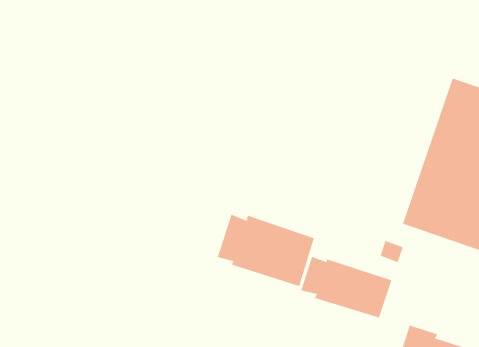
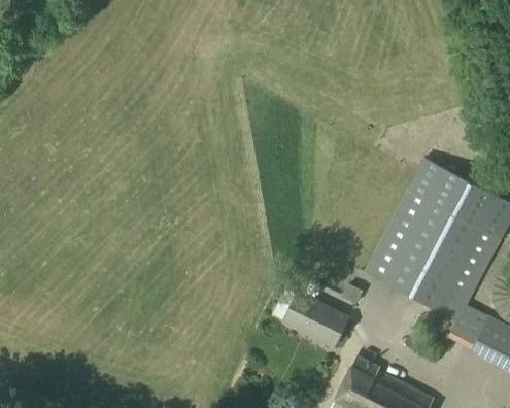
building: [217,214,315,287] -> none

